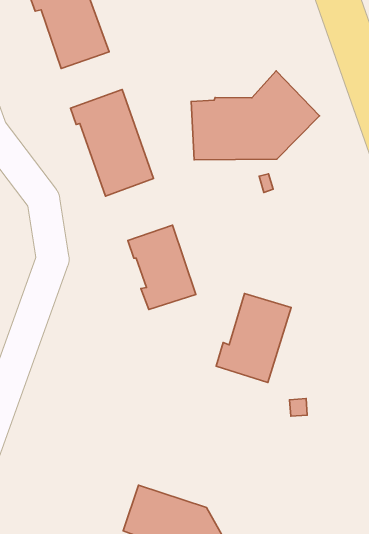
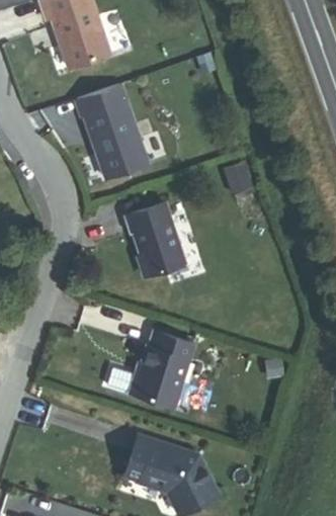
building: [191,71,319,160] -> none
building: [216,293,291,382] -> [129,328,193,405]

